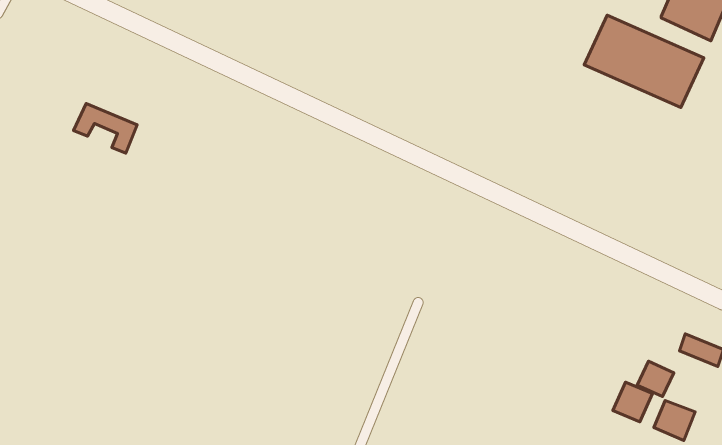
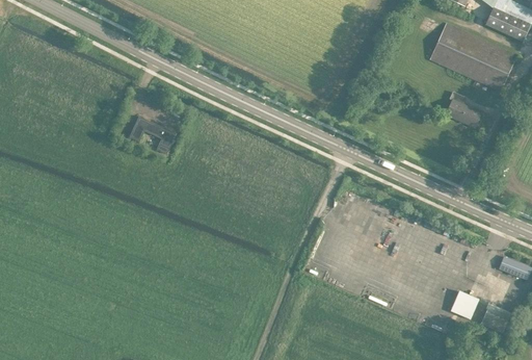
building: [73,103,137,153] -> [130,117,177,153]
building: none -> [447,91,482,127]
building: [637,361,674,396] -> none

